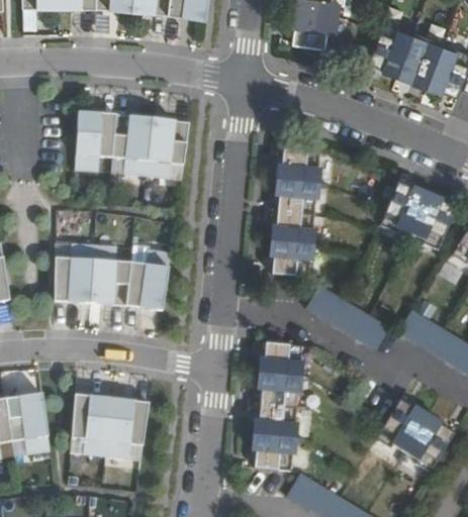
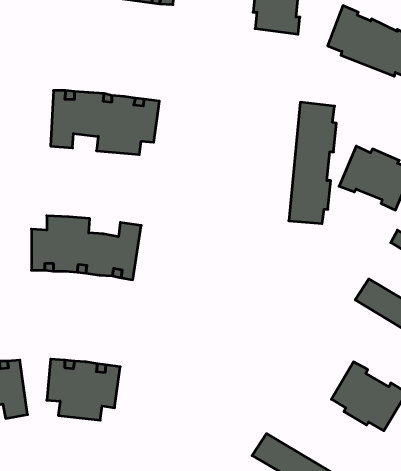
building: [271,149,321,278] -> [289,102,336,224]
building: [306,285,392,351] -> none
building: [252,343,302,472] -> none

